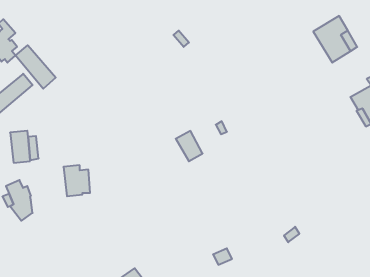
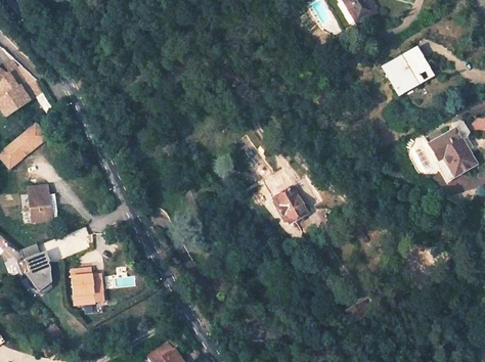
building: [15,45,56,89] -> none
building: [176,131,203,161] -> [273,188,305,224]
building: [63,165,90,196] -> [70,269,101,306]

